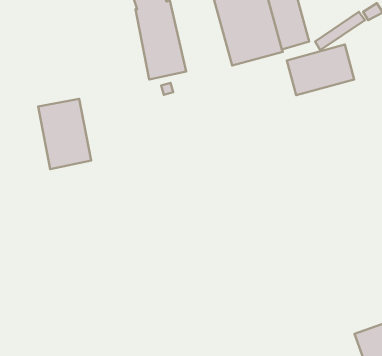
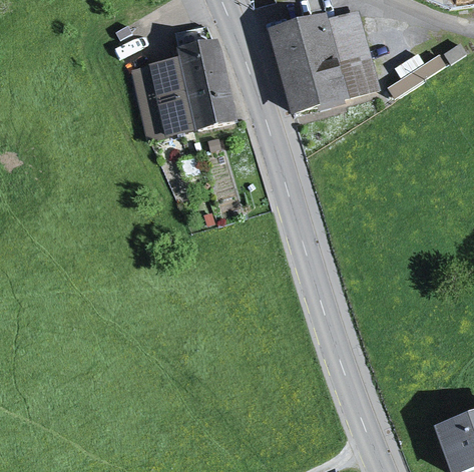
building: [287,44,354,95] -> none
building: [38,99,91,169] -> [132,59,194,141]

